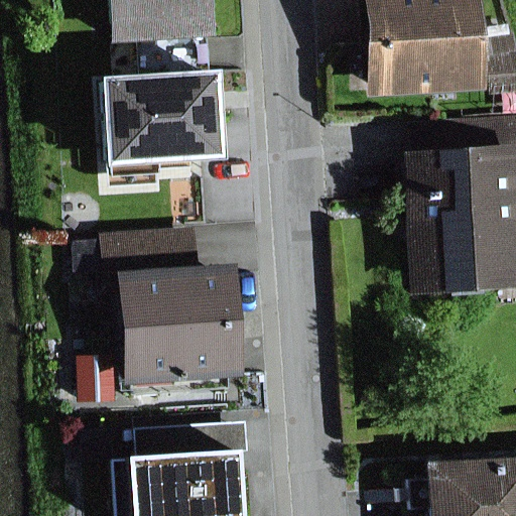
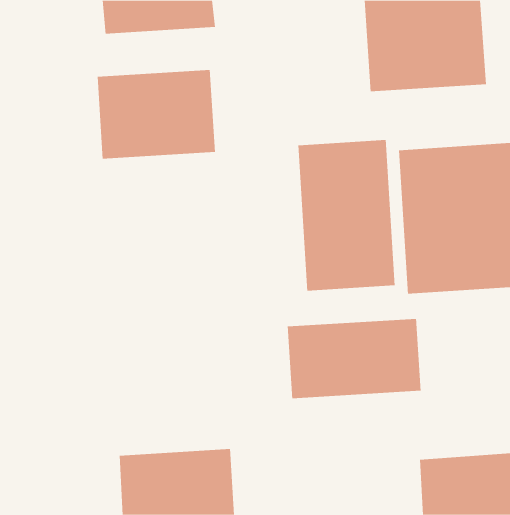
building: none -> [298,139,395,291]
building: [89,222,247,400] -> none
building: none -> [287,318,421,399]

